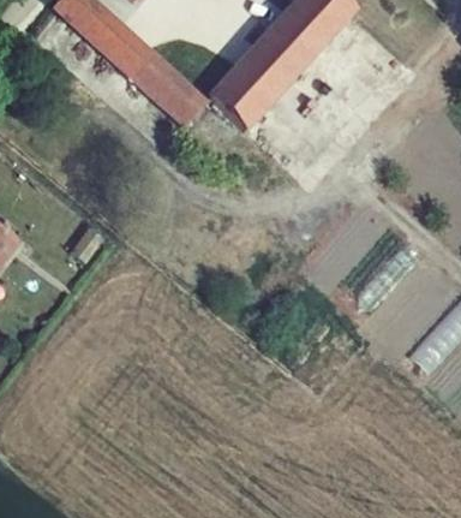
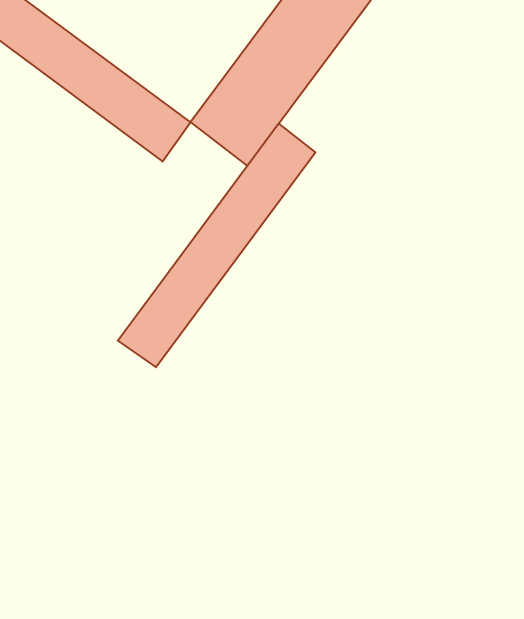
building: none -> [118,123,315,367]

